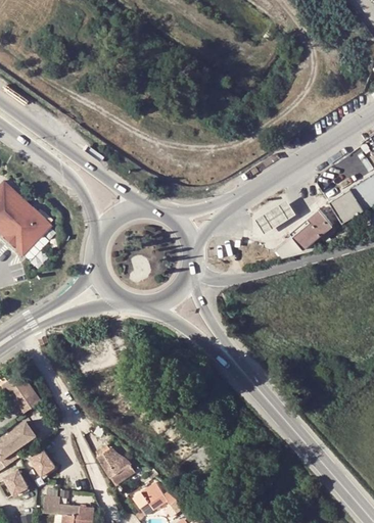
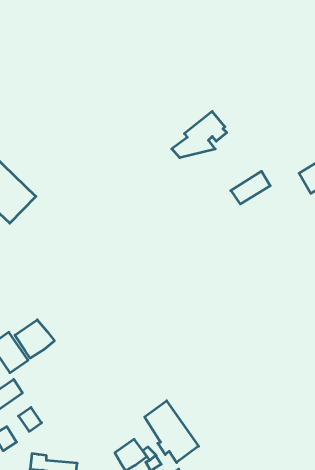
building: [275,209,333,258] -> [172,111,227,158]
building: none -> [15,320,54,358]
building: none -> [145,401,199,463]
building: [96,448,133,488] -> none

